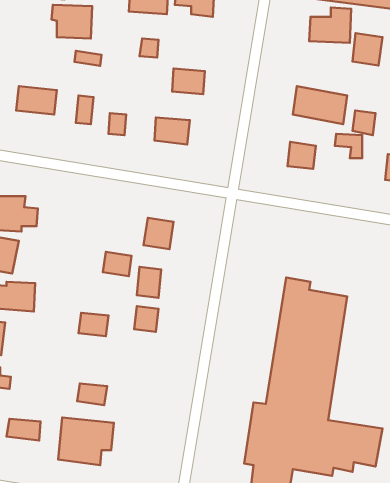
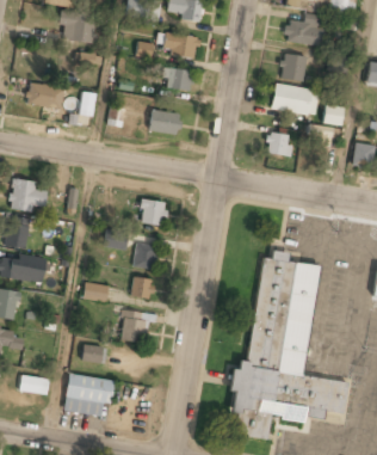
building: none -> [162,31,199,56]
building: [353,33,382,66] -> [280,53,307,81]
building: none -> [120,309,150,343]

